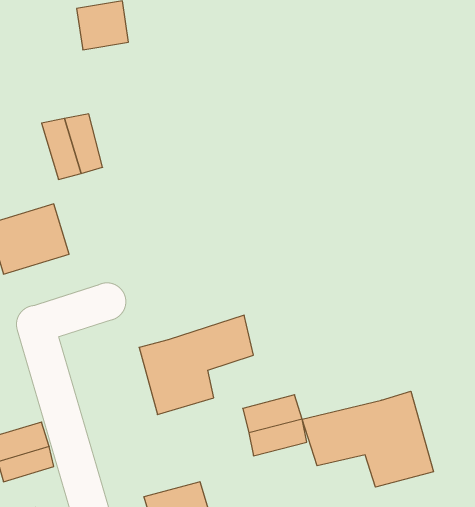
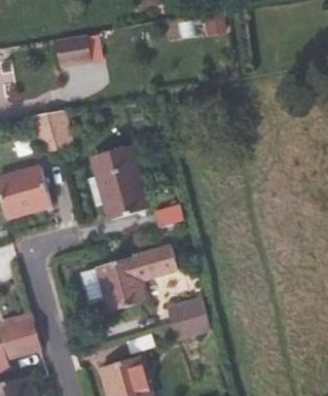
building: none -> [92,146,149,221]
building: [302,391,433,487] -> none

